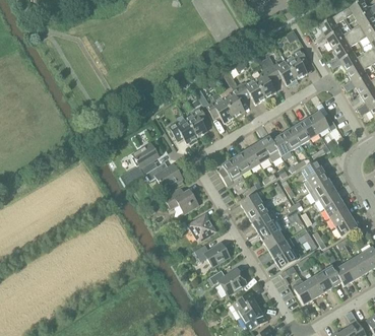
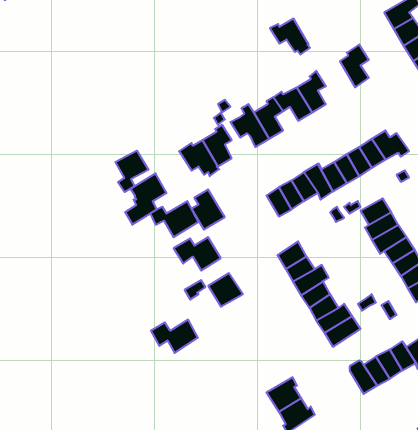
building: [268,60,298,86] -> [270,19,310,55]
building: none -> [115,151,149,192]
building: [220,158,244,188] -> [191,189,225,230]
building: [194,242,229,266] -> [151,320,198,353]
building: [208,268,246,294] -> none

